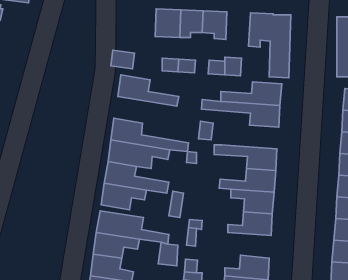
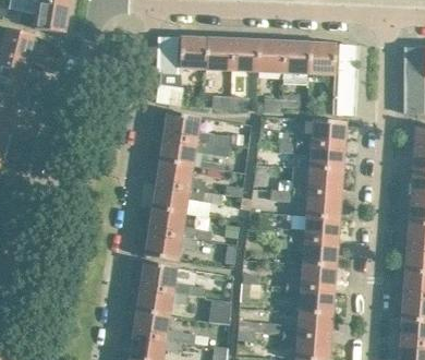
building: none -> [159,37,206,73]
building: none -> [283,41,311,84]
building: none -> [159,135,229,165]
building: none -> [279,166,342,193]
building: none -> [284,286,333,314]

